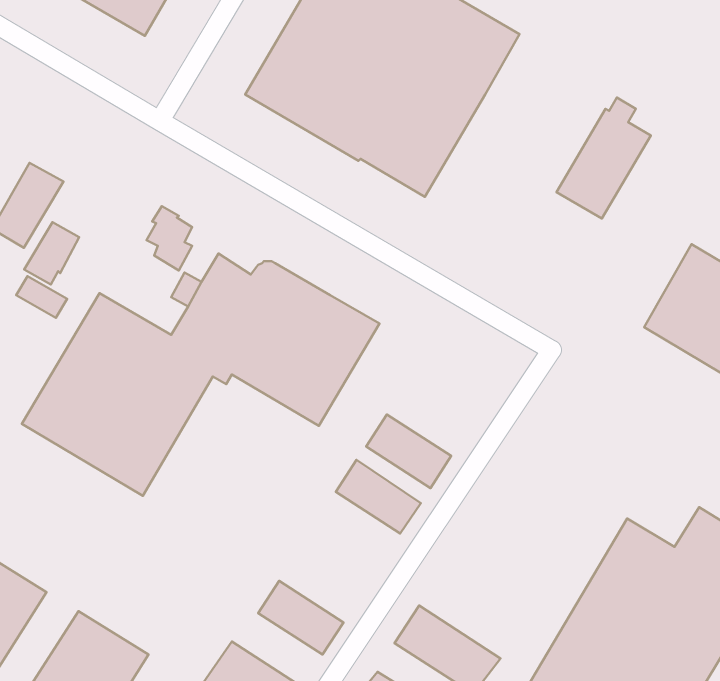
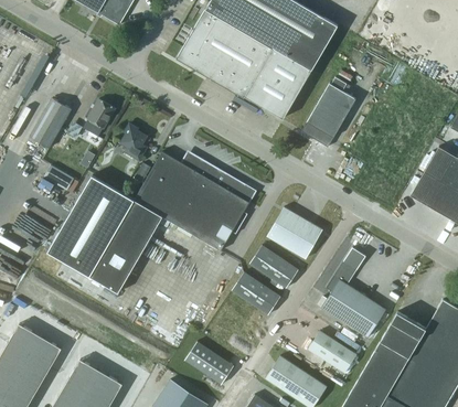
building: [556,98,651,219] -> [300,76,355,147]
building: [24,222,79,285] -> [83,99,115,136]
building: none -> [266,206,322,258]
building: none -> [321,247,385,338]
building: none -> [307,331,356,373]

